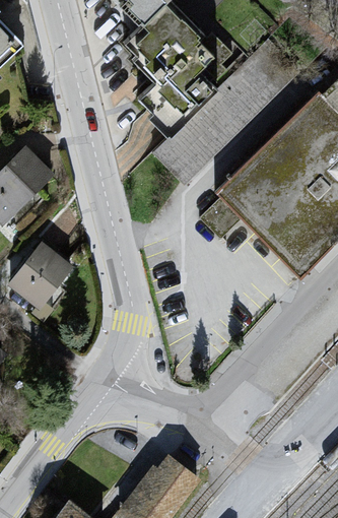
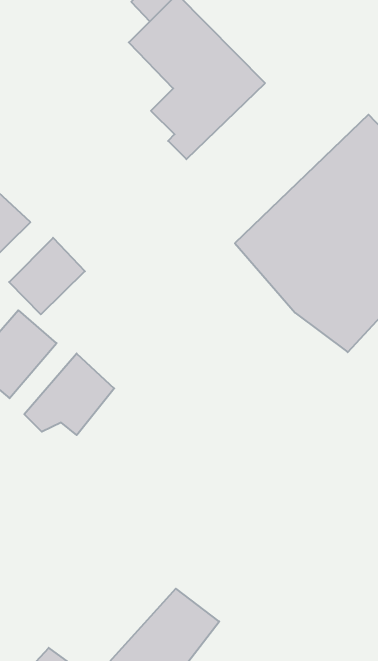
building: none -> [9,238,85,314]
building: none -> [24,353,114,435]

